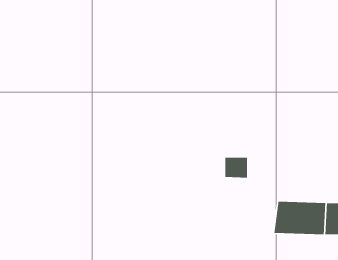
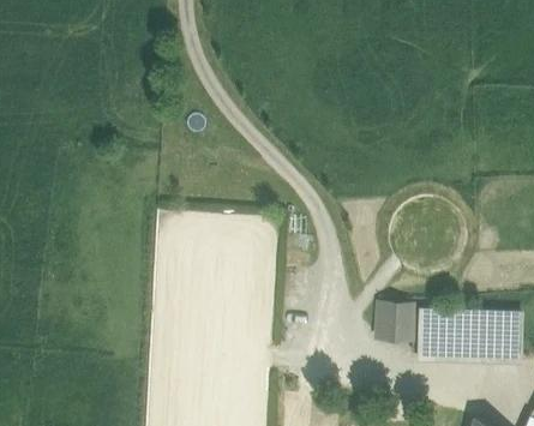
building: [225,157,248,178] -> [379,308,413,340]

